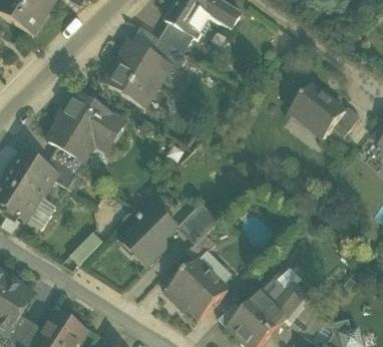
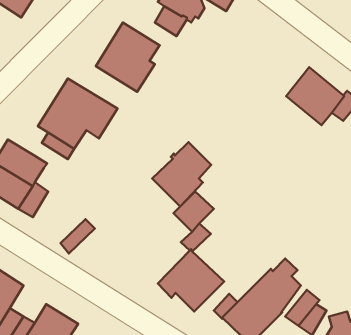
building: [130,25,186,70] -> none
building: [44,155,77,188] -> none
building: [119,205,176,267] -> [152,142,211,206]

